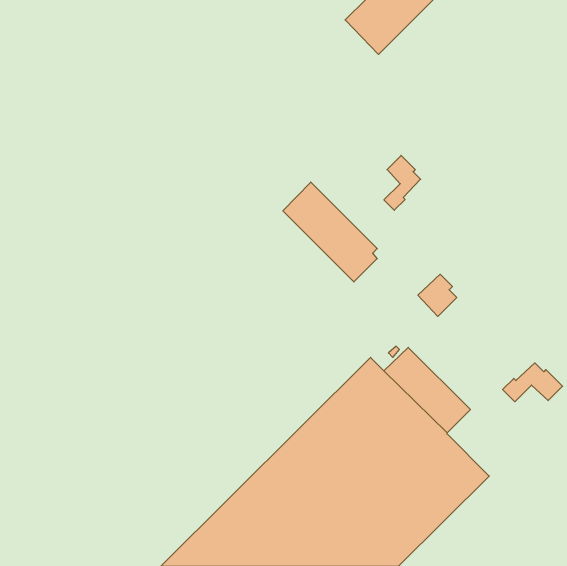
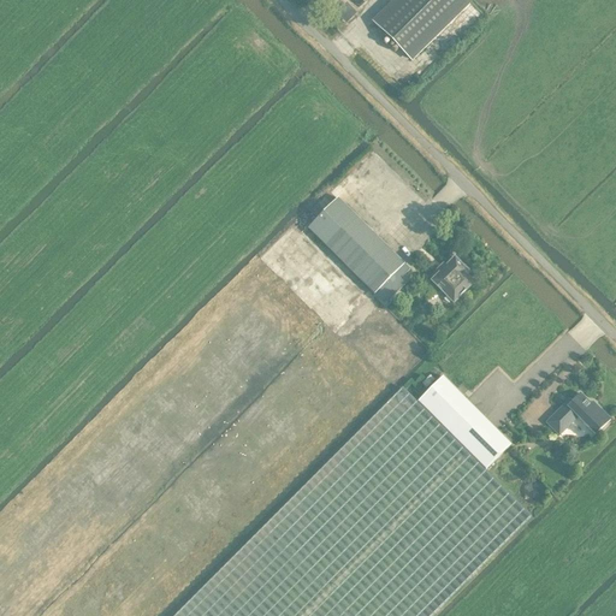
building: [384,155,421,210] -> none
building: [418,274,457,316] -> [431,257,473,303]

